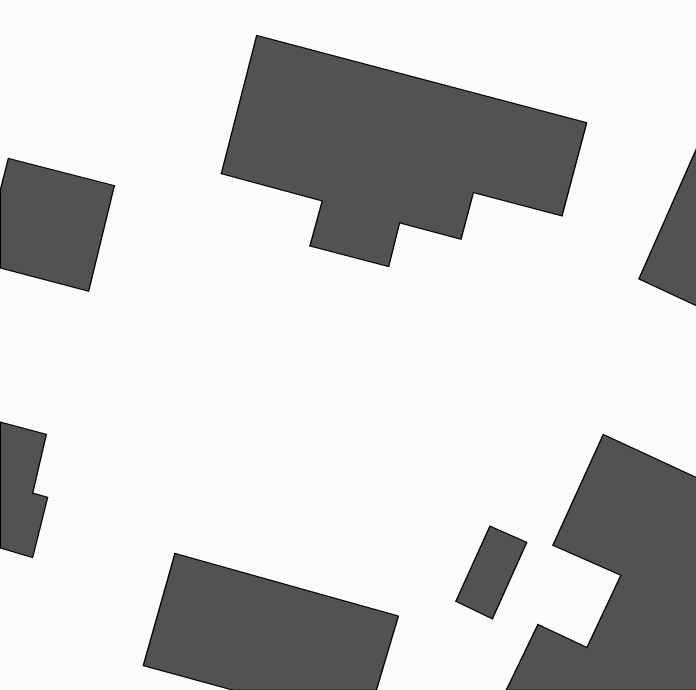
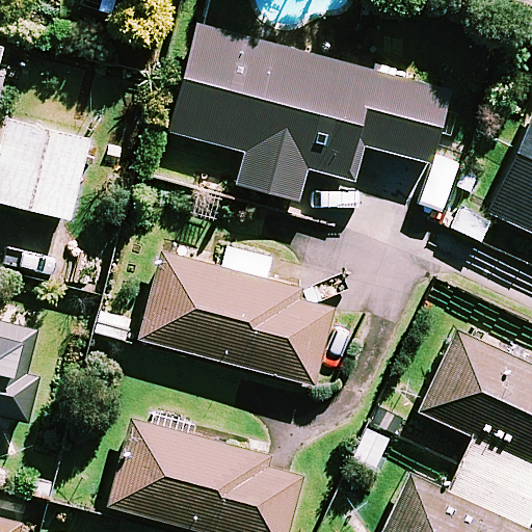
building: none -> [139,244,331,387]

